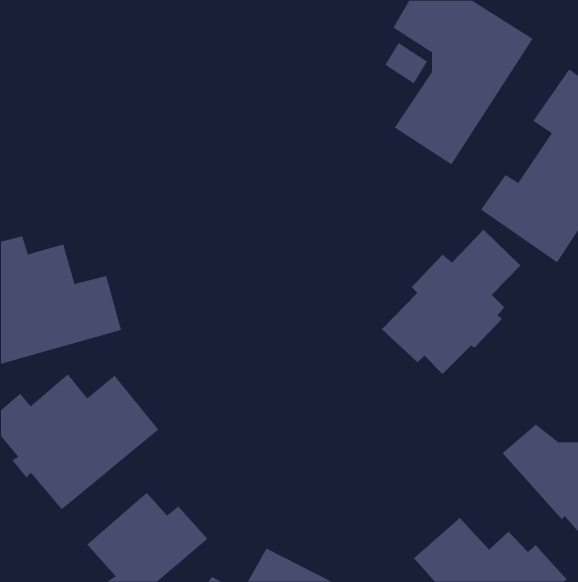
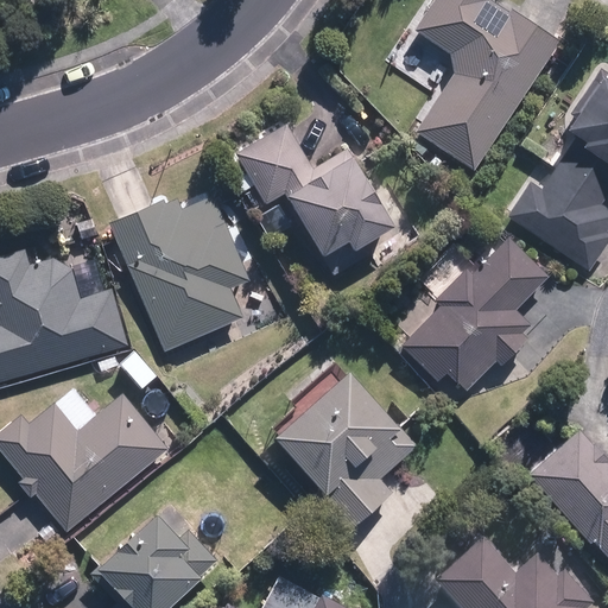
building: none -> [233,120,394,258]
building: none -> [112,192,252,354]
building: none -> [272,368,417,532]

